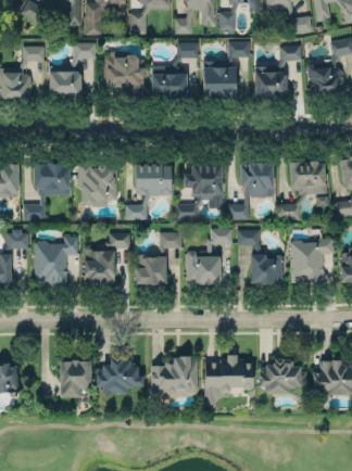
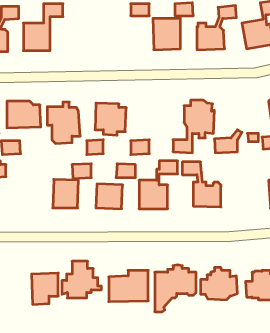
building: [104,53,144,98] -> none
building: [152,66,188,99] -> none
building: [289,157,325,186] -> none
building: [185,166,224,208] -> none
building: [34,237,78,283] -> none
building: [291,241,334,282] -> none

